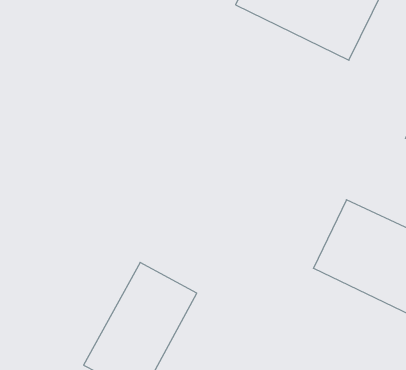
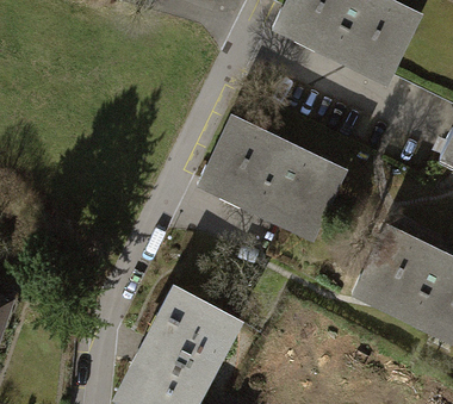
building: none -> [198,116,346,241]

